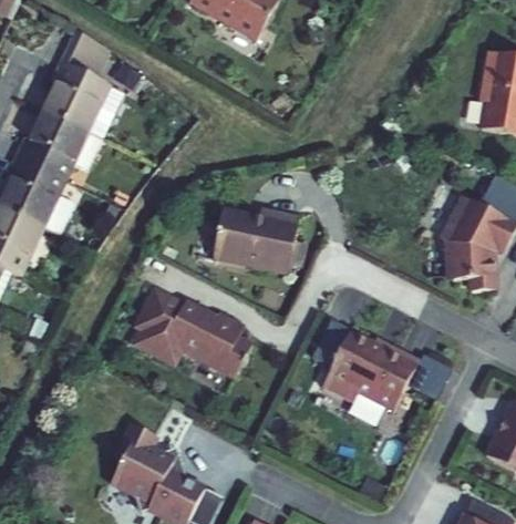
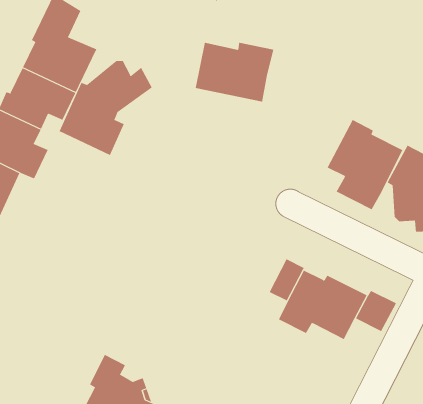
building: none -> [59,60,153,156]
building: none -> [327,119,403,210]
building: [211,207,298,273] -> [195,42,274,102]
building: [133,288,251,377] -> none

